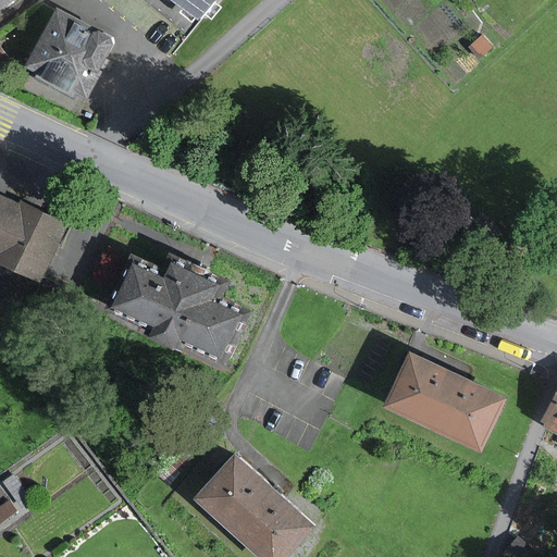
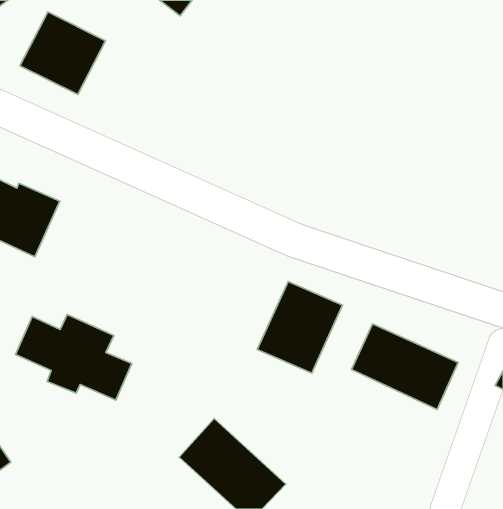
building: [116,262,244,356] -> [15,315,132,400]
building: none -> [257,282,342,373]

